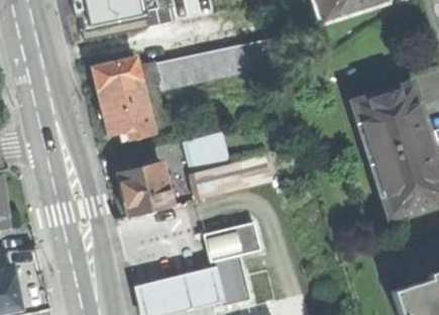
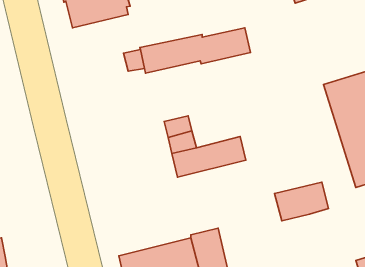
building: [94,58,155,138] -> none
building: [119,162,174,216] -> none
building: [208,220,265,261] -> [274,182,328,221]

